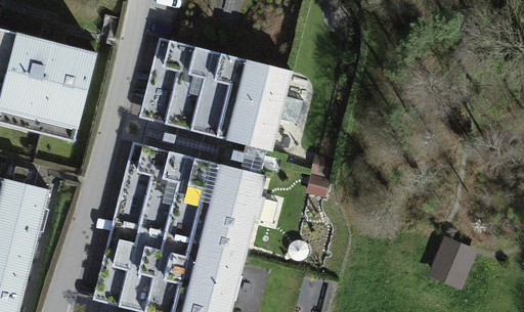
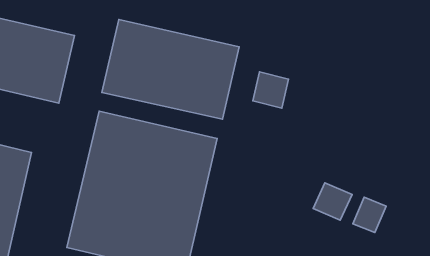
building: none -> [253,72,288,108]
building: none -> [313,183,352,220]

